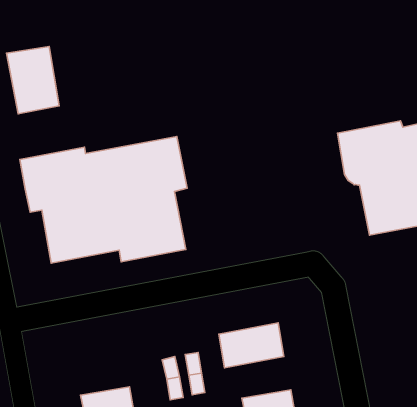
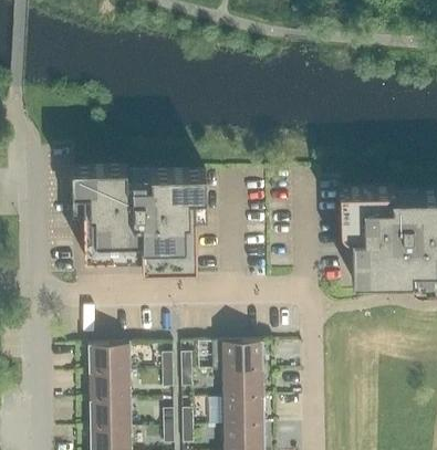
building: [6,46,59,114] -> none
building: none -> [87,343,129,371]
building: none -> [211,368,263,397]

